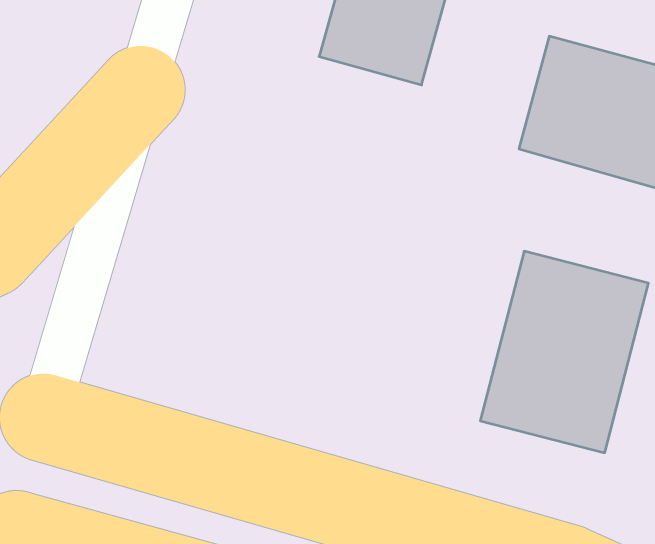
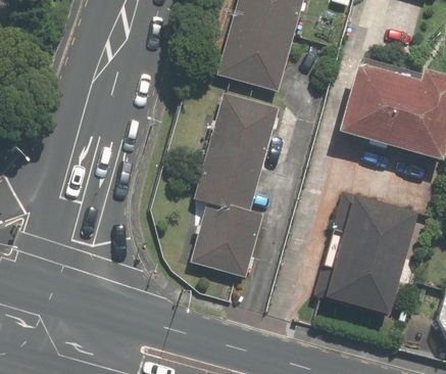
building: none -> [190,92,278,276]

